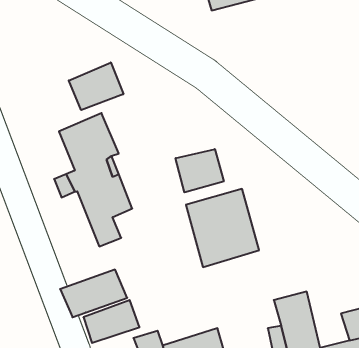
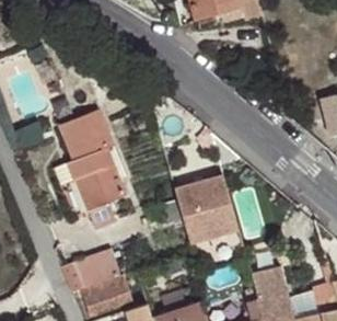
building: [69,62,123,110] -> none
building: [176,149,224,192] -> none

